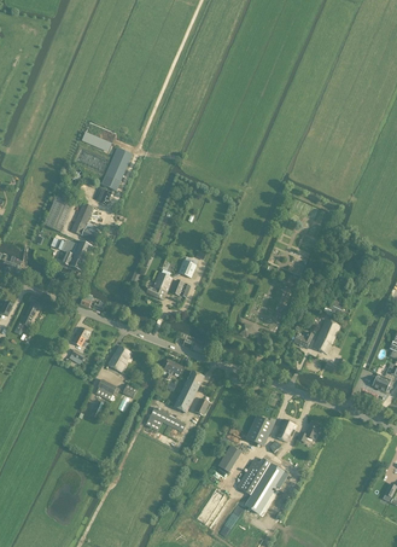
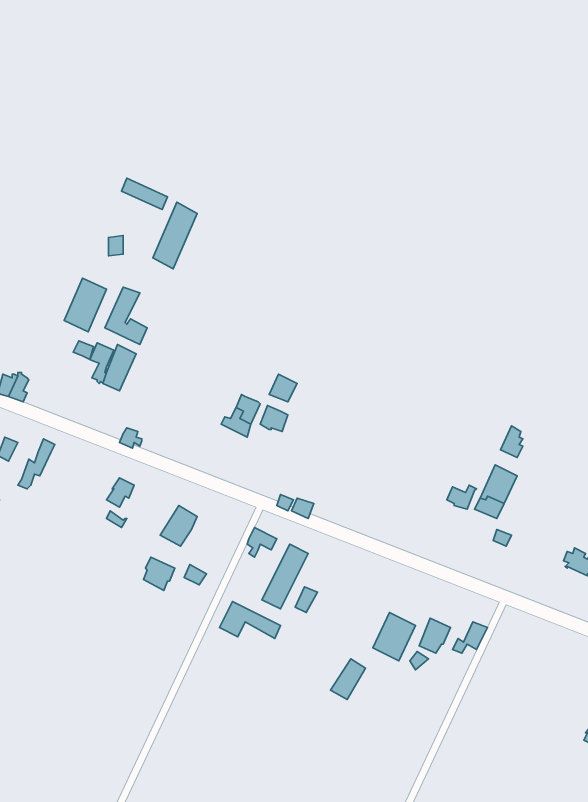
building: [237,459,279,502] -> none

